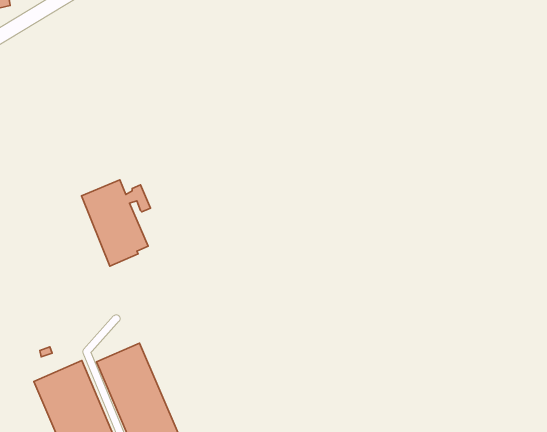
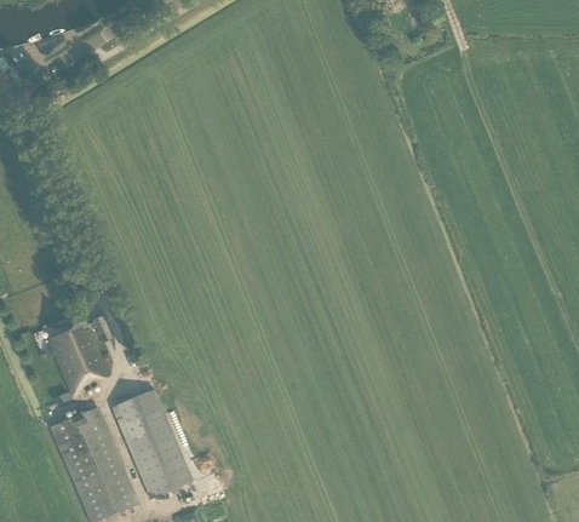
building: [81,180,150,266] -> [42,309,110,394]

